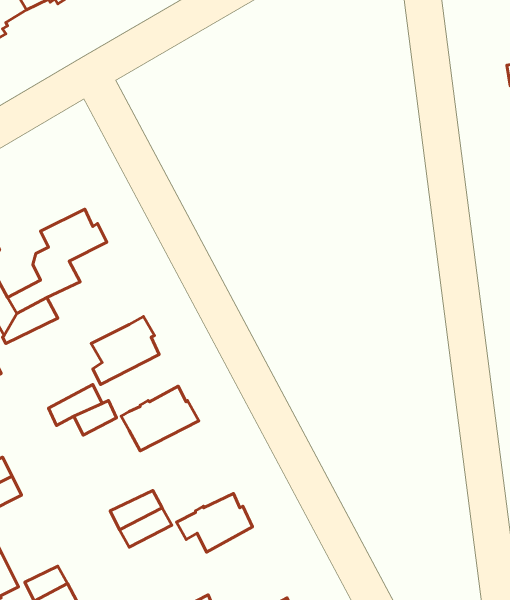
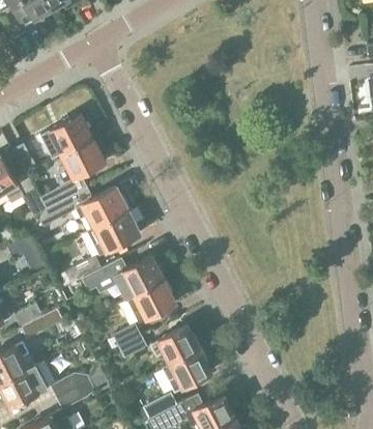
building: none -> [40,113,93,154]
building: none -> [75,187,128,228]
building: none -> [126,279,175,322]
building: none -> [168,348,211,392]

